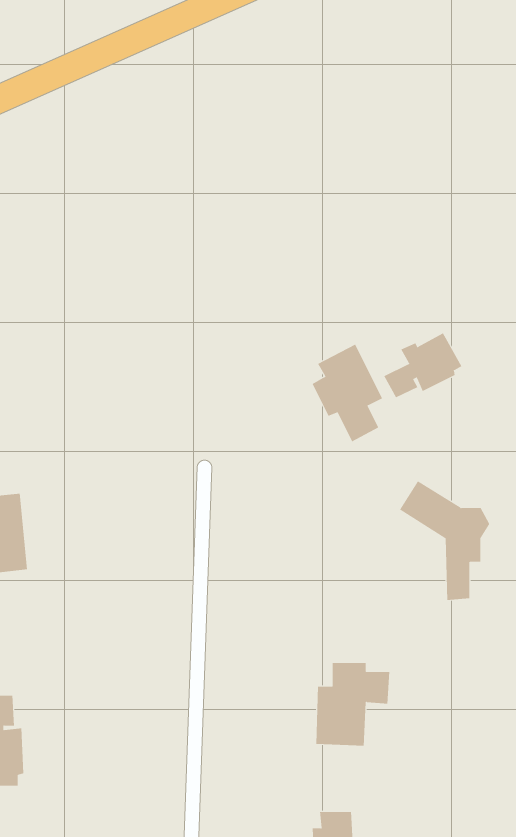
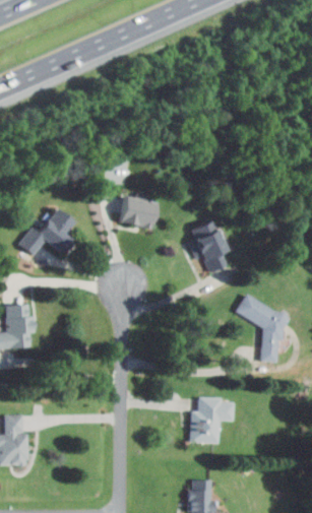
building: none -> [123,198,158,228]
building: none -> [19,208,74,258]
building: [383,332,462,398] -> none

